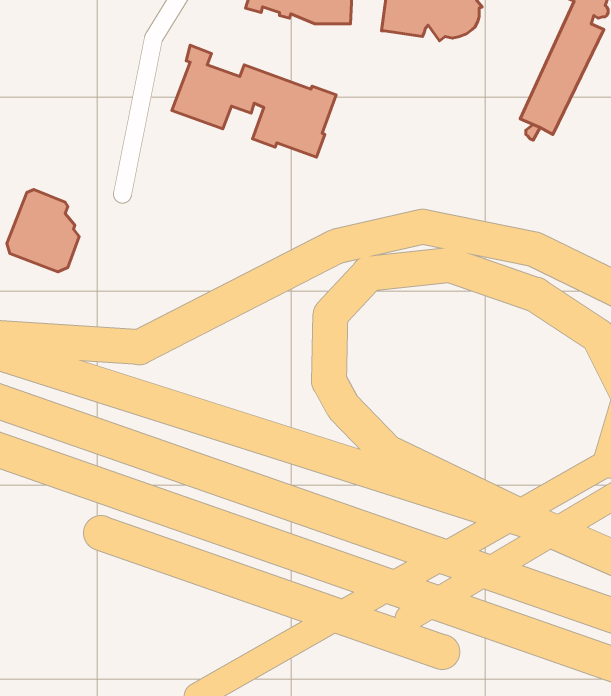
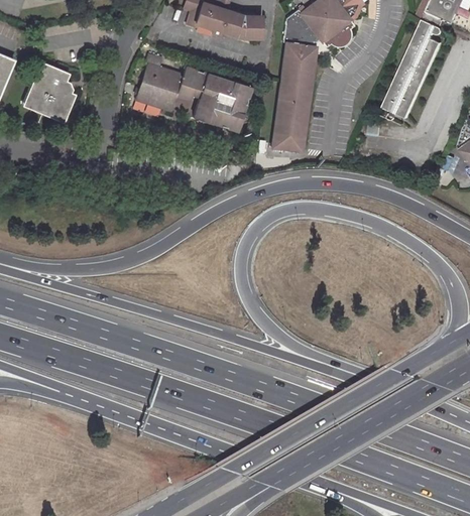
building: none -> [272,42,318,152]
building: [7,190,79,272] -> [22,60,74,119]

